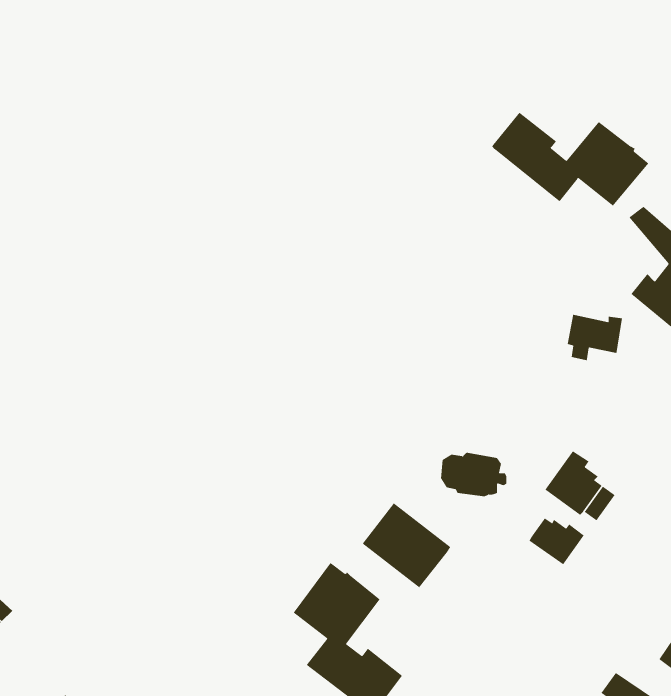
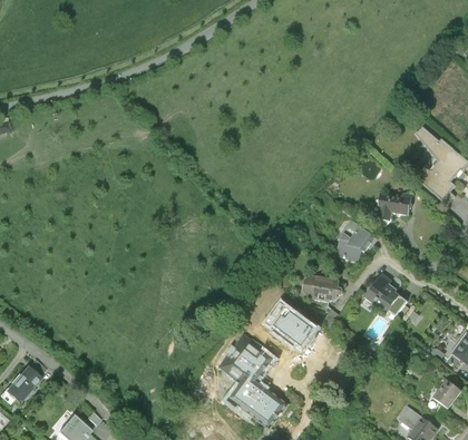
building: [492,112,649,206] -> none
building: none -> [337,219,374,261]
building: [529,518,584,565] -> none

